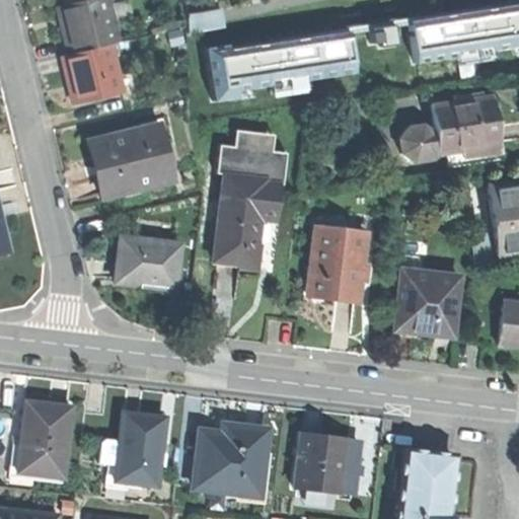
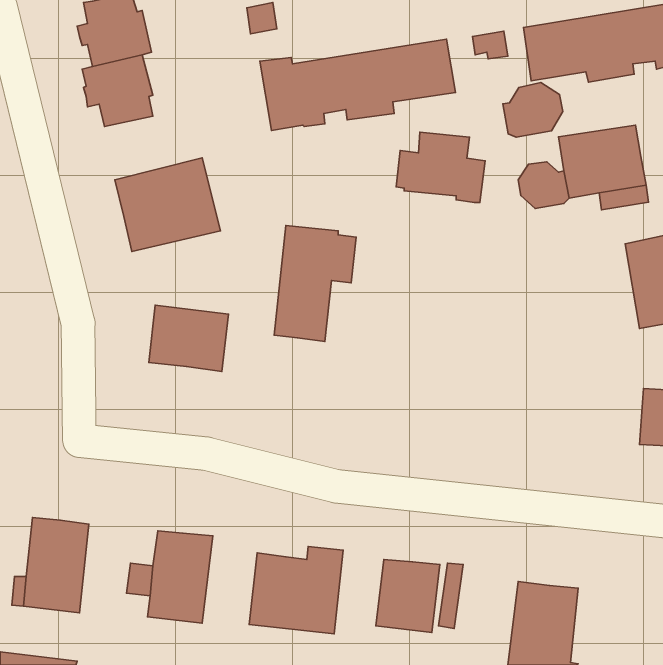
building: none -> [503,83,563,137]
building: [219,130,288,184] -> [396,132,485,202]
building: [309,227,366,304] -> none
building: [396,270,460,337] -> none

